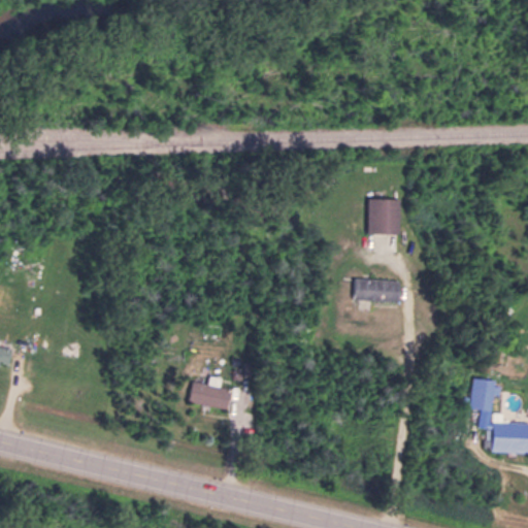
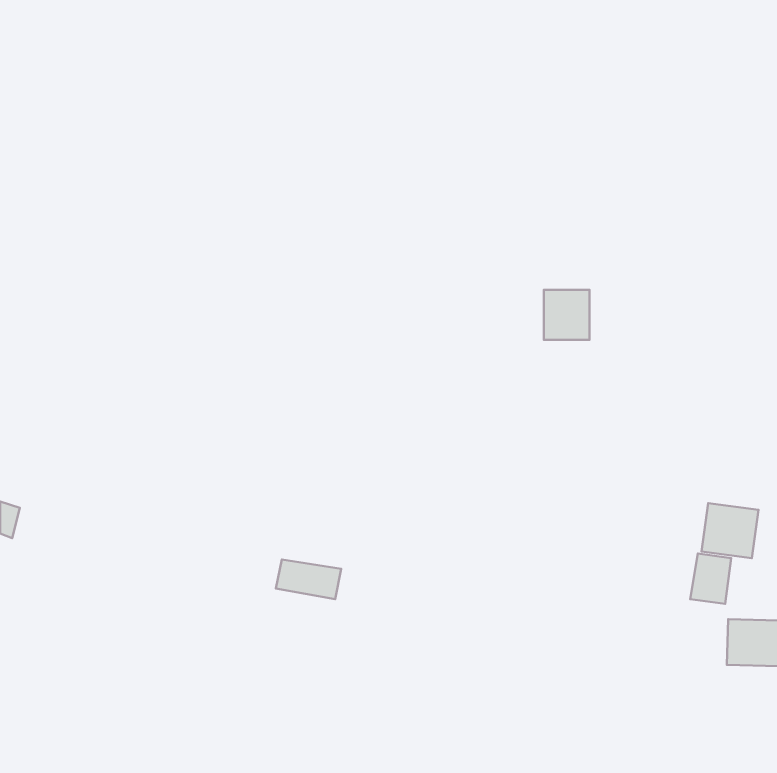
building: [353,280,399,301] -> none
building: none -> [702,503,758,558]

